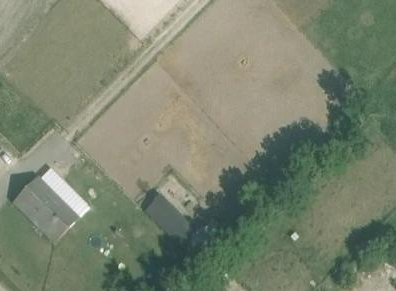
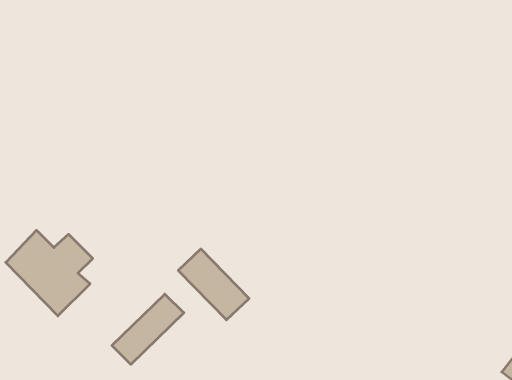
building: none -> [112,294,184,364]

